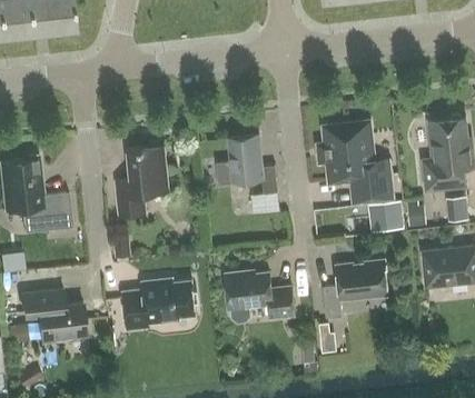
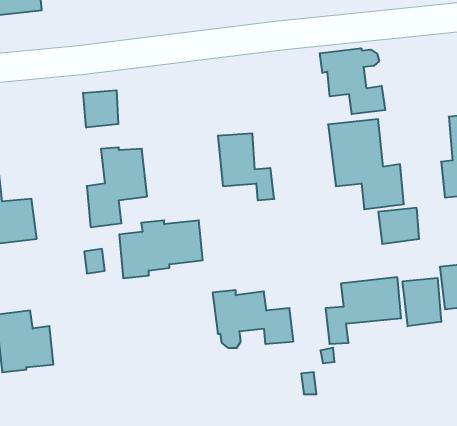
building: none -> [320,48,385,114]
building: none -> [83,90,118,128]
building: none -> [403,278,441,326]
building: [123,280,196,330] -> [119,220,203,278]

